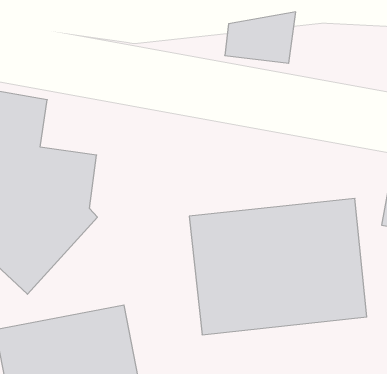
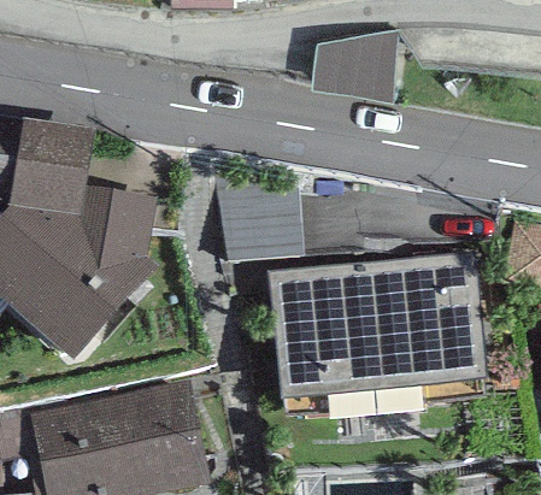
building: none -> [231,188,313,260]

